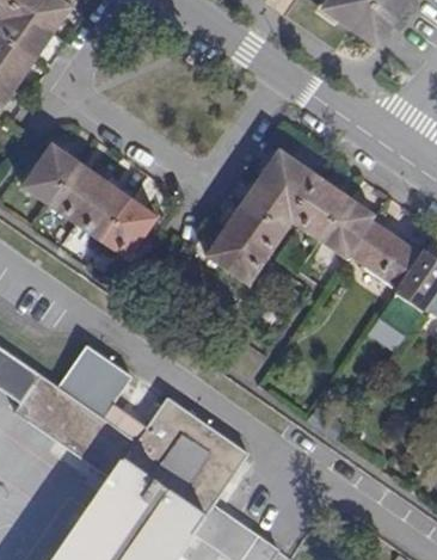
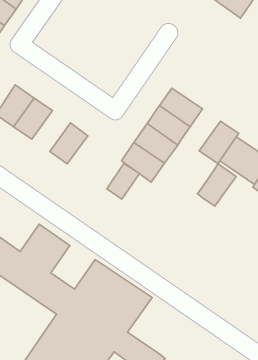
building: [293,179,349,240] -> [197,164,236,206]
building: [75,181,131,241] -> none
building: none -> [107,163,139,199]

